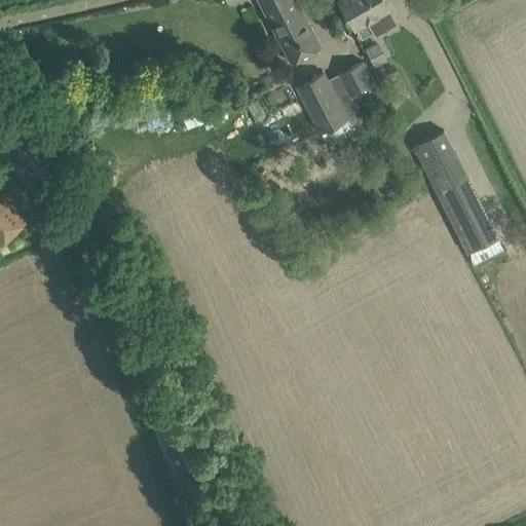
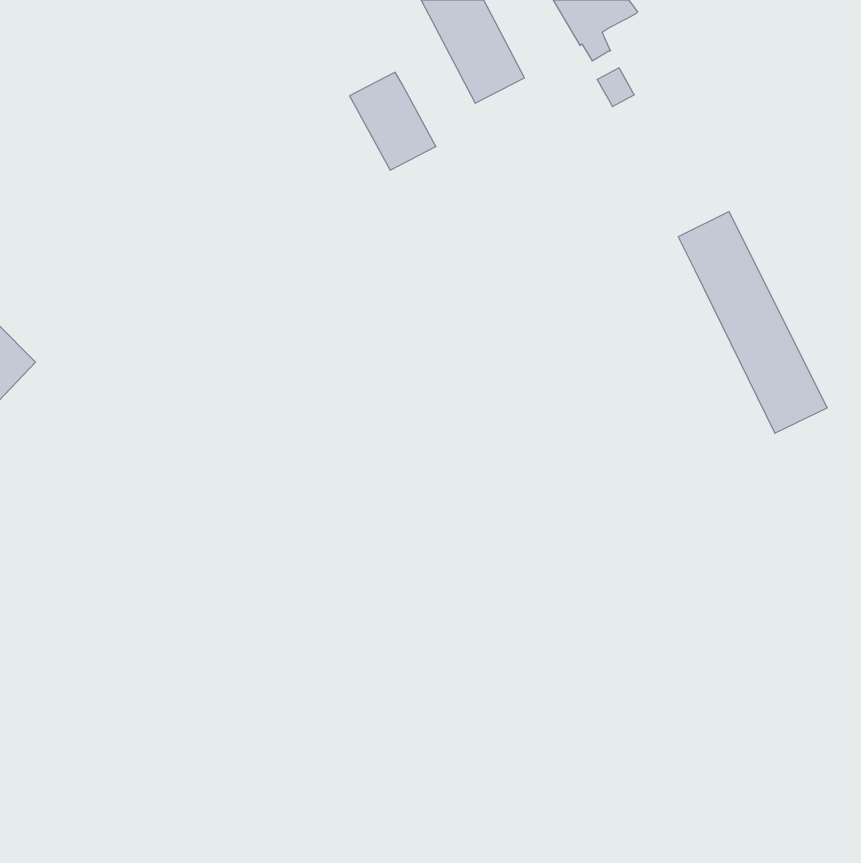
building: [336,62,373,96] -> none
building: [294,73,346,133] -> [350,72,436,170]

